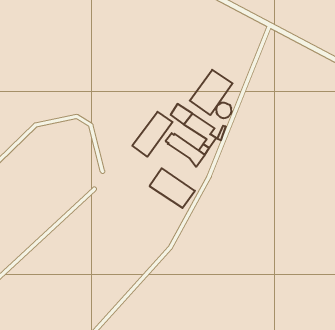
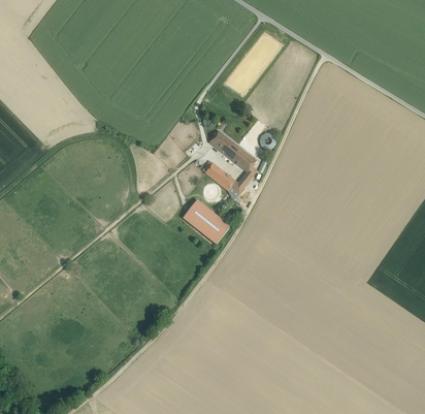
building: [190,70,233,115] -> none
building: [132,112,173,157] -> none

